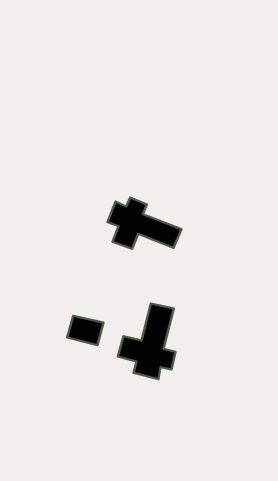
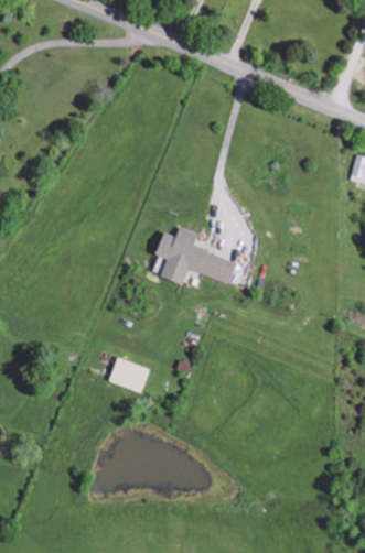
building: [118,303,176,379] -> none

